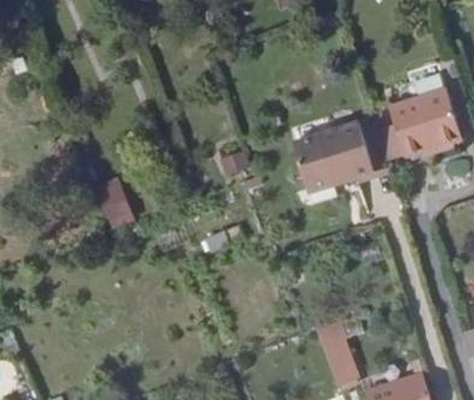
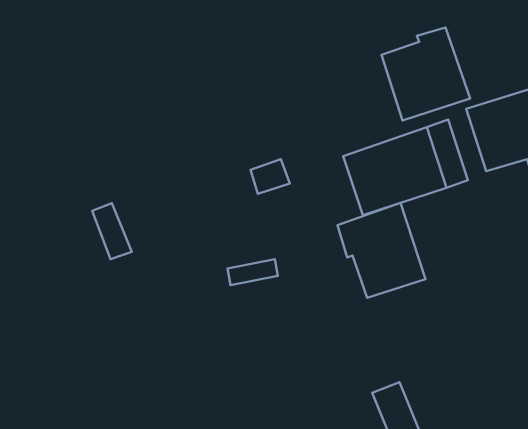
building: none -> [381,28,470,121]
building: none -> [338,203,426,298]

